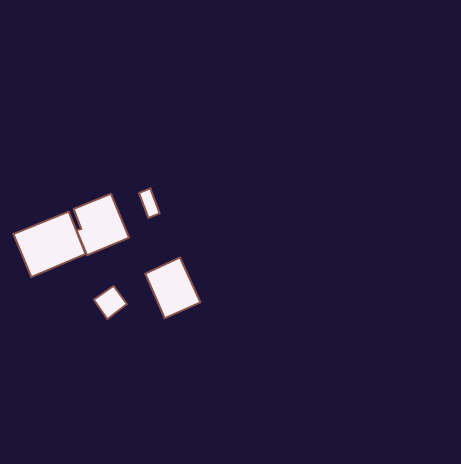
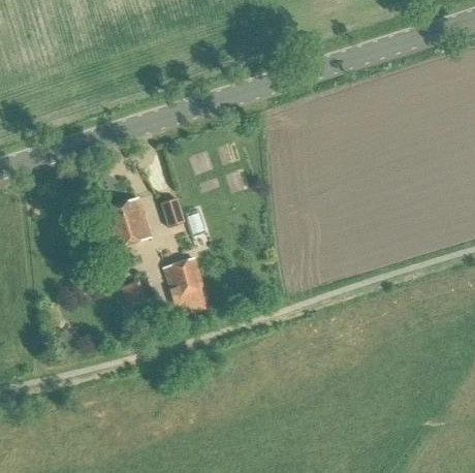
building: [13,212,86,277] -> none

